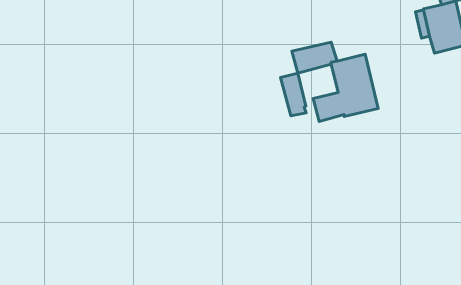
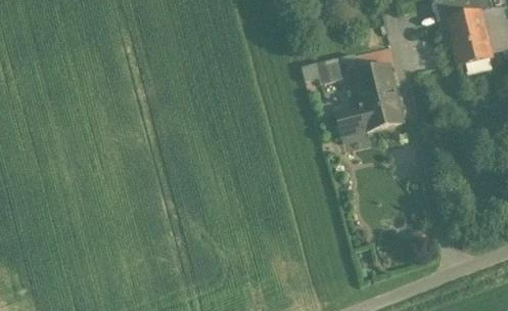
building: [280,73,306,116] -> none

